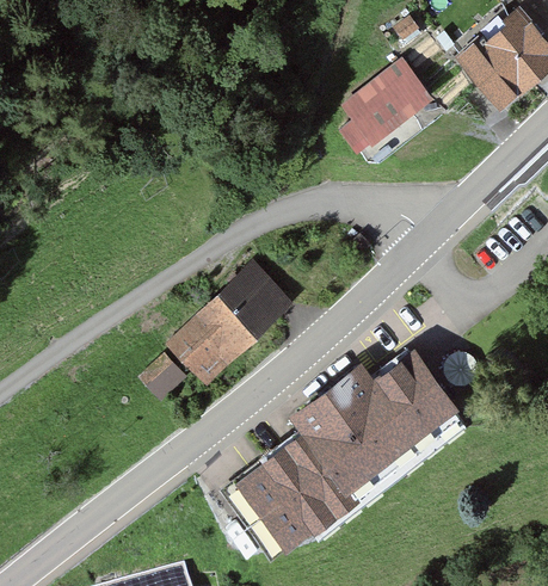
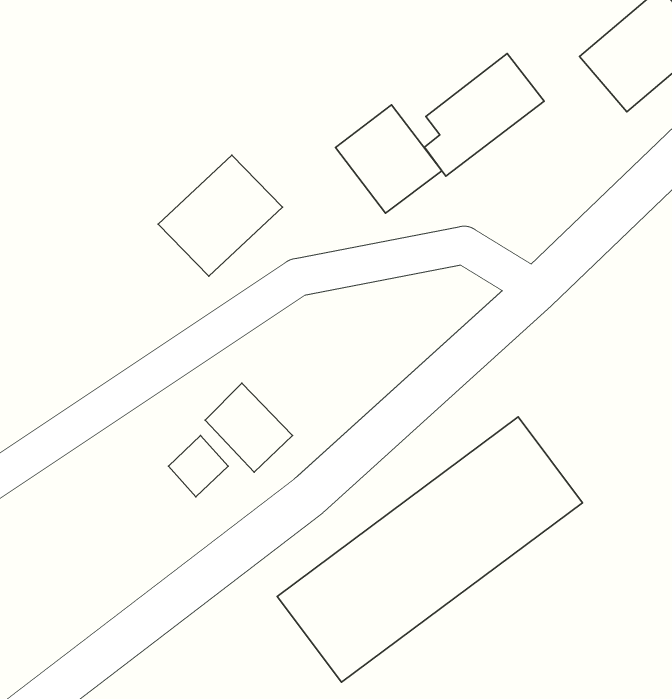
building: none -> [335,105,442,213]
building: [197,263,294,357] -> [158,155,282,276]

